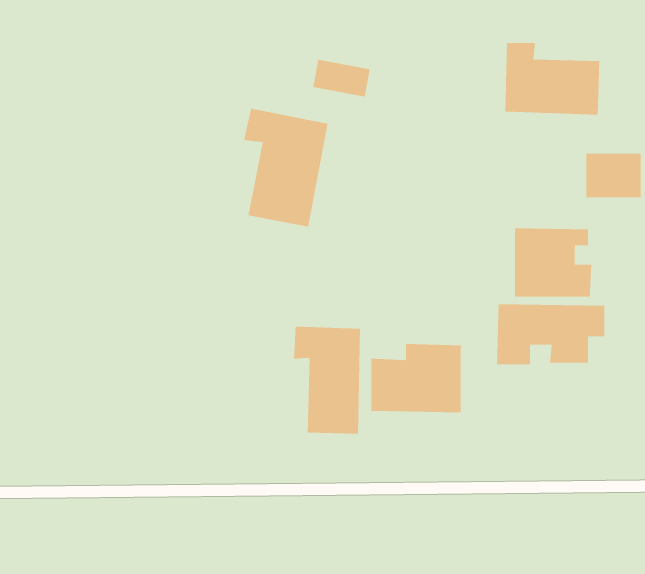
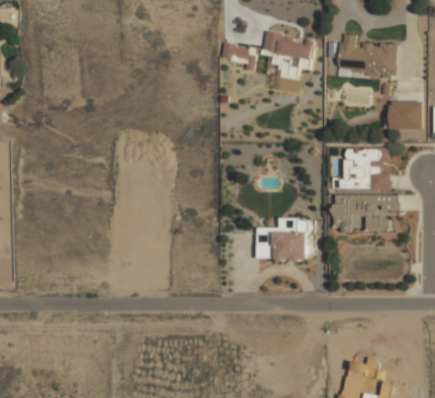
building: none -> [263,35,315,79]
building: [243,108,328,227] -> none
building: [293,326,360,434] -> none

